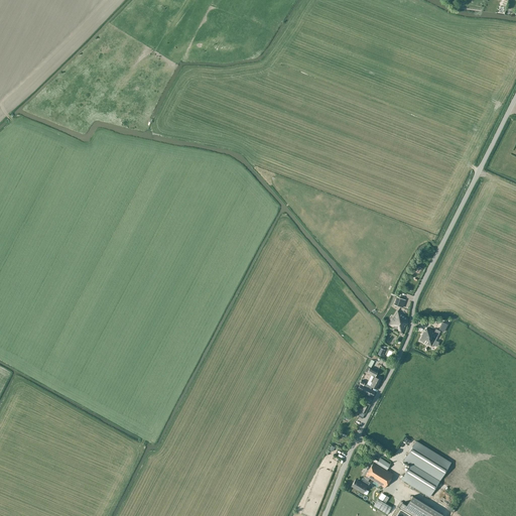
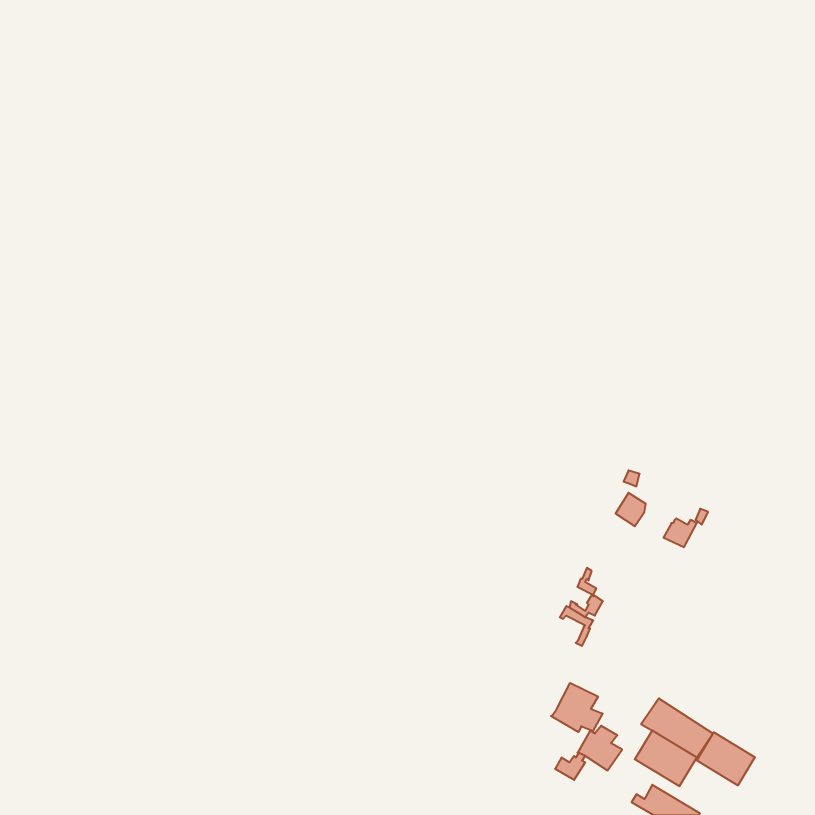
building: none -> [551,683,603,732]
building: none -> [697,732,755,785]

